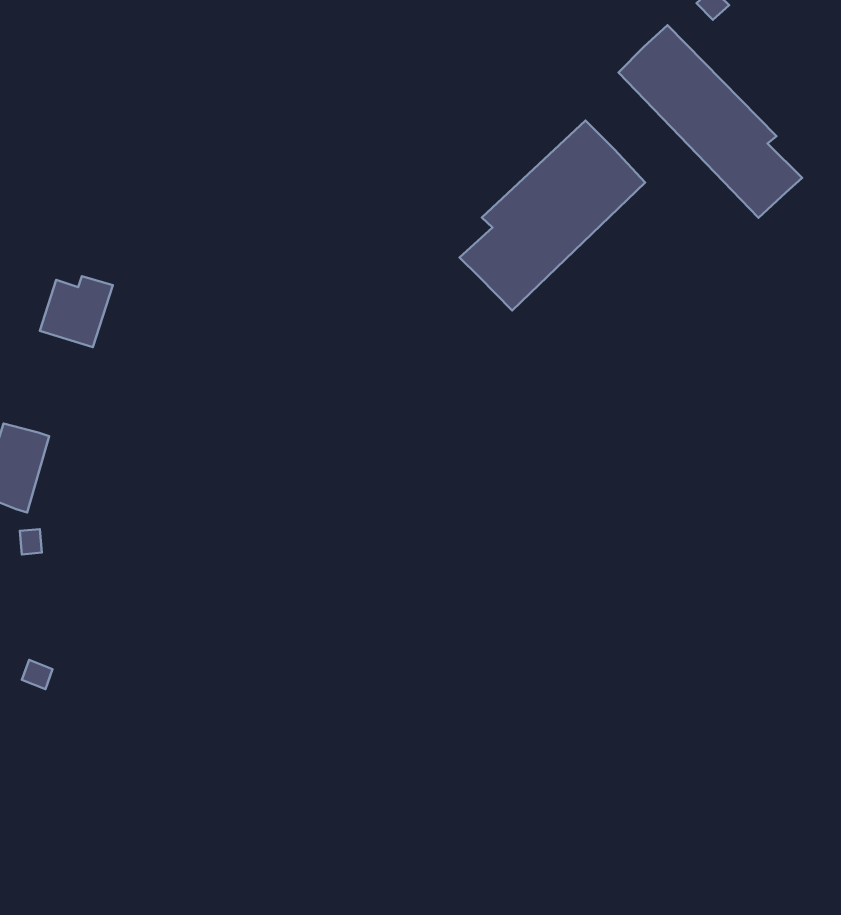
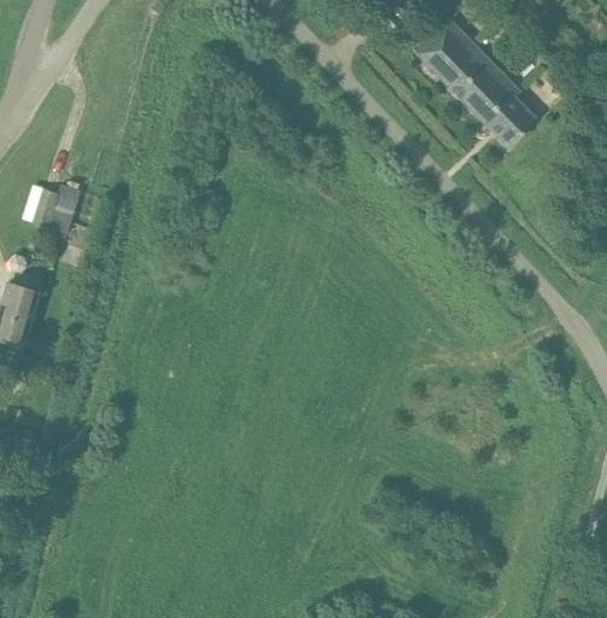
building: [460,121,645,310] -> none

